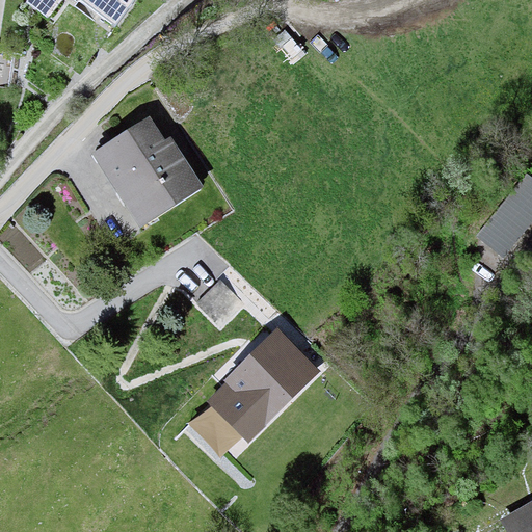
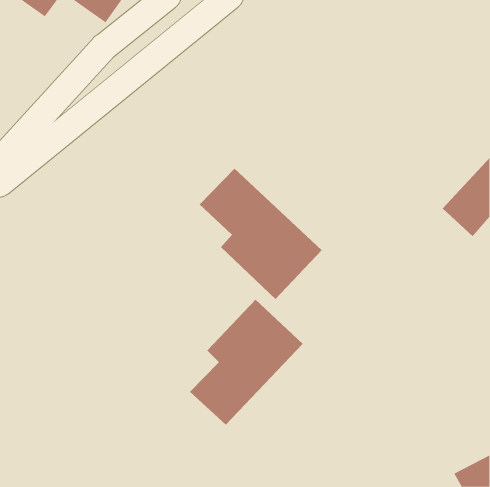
building: [90,113,198,224] -> none
building: none -> [199,168,323,300]

